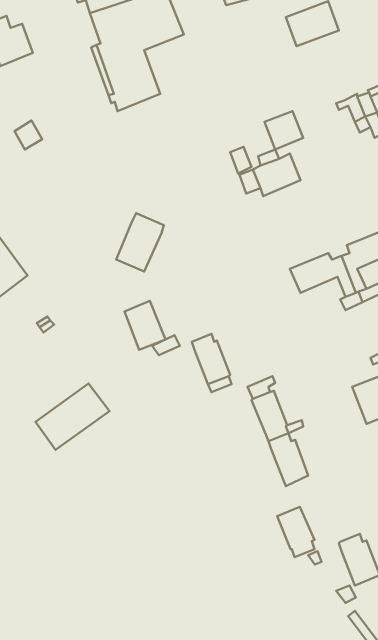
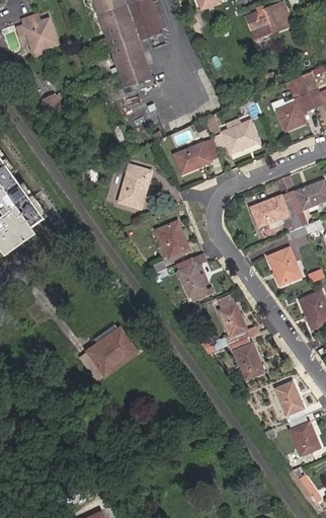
building: [265,111,303,150] -> [275,102,305,132]
building: none -> [173,141,211,172]
building: [125,301,166,350] -> [156,221,187,258]
building: none -> [268,247,302,286]
building: [36,383,110,450] -> [79,330,136,381]
building: [277,507,314,557] -> [275,379,304,418]

